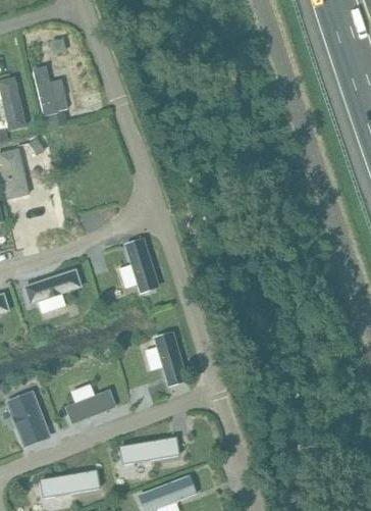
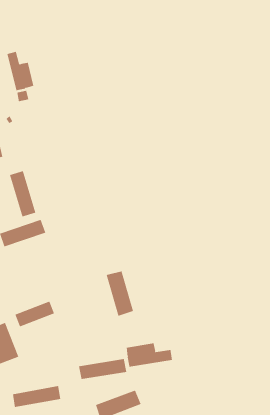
building: [124,236,157,292] -> [9,171,36,217]
building: [65,391,114,422] -> [14,301,55,327]
building: none -> [126,343,173,368]

